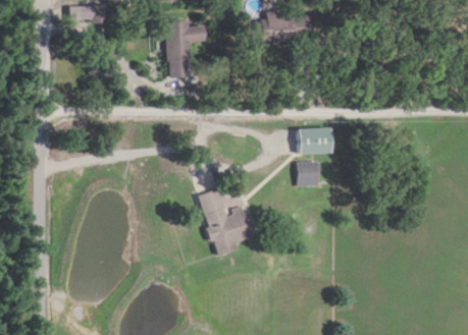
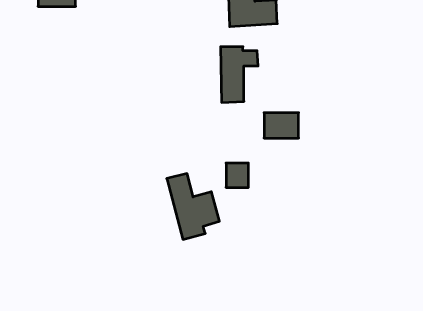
building: [167,20,205,76] -> [221,47,258,102]
building: [297,161,319,185] -> [226,163,248,187]

